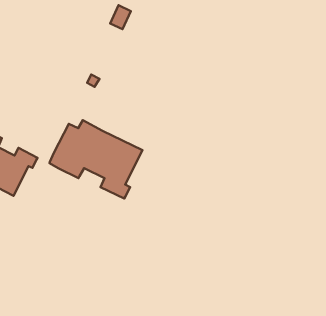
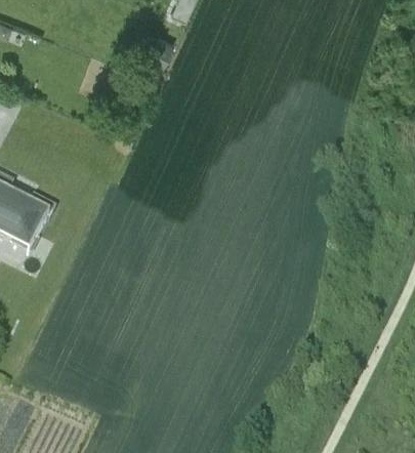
building: [50,120,142,199] -> none

